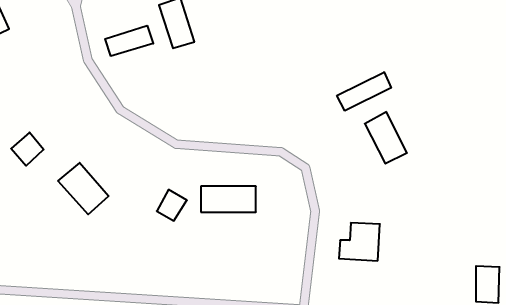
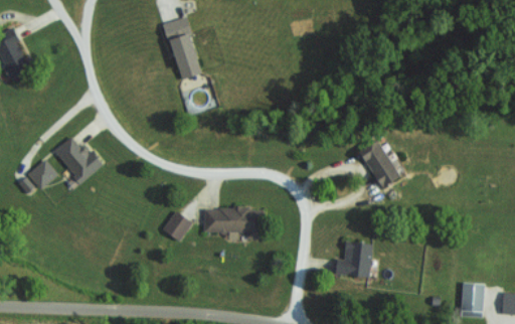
building: [105,26,153,56] -> none
building: [337,72,391,111] -> none
building: [58,163,109,214] -> [53,135,101,183]

